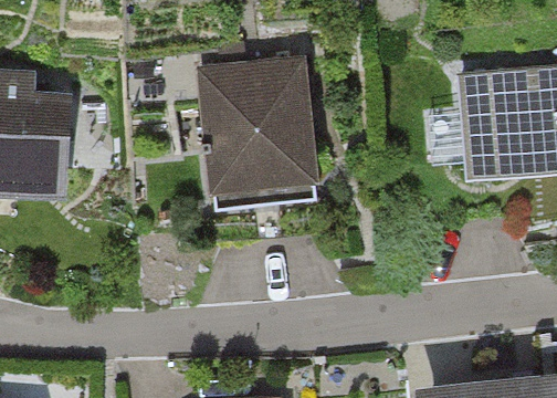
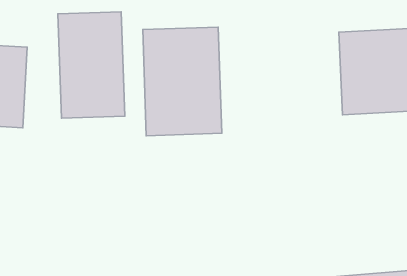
building: none -> [58,12,125,118]

